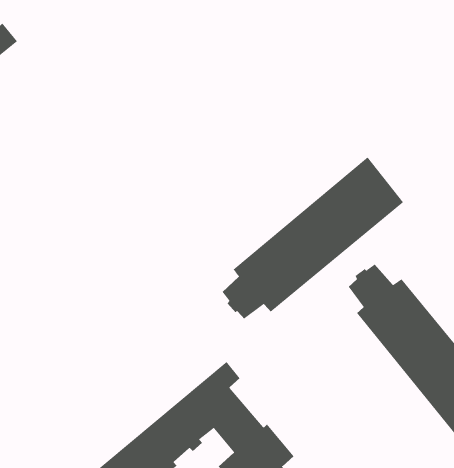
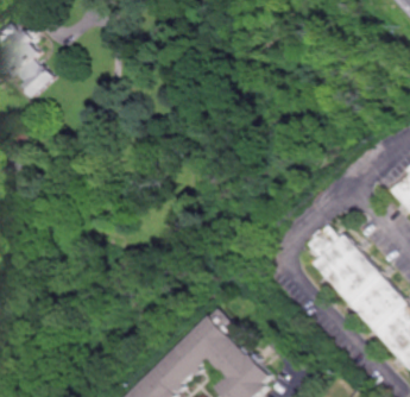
building: [222,157,404,319] -> none

